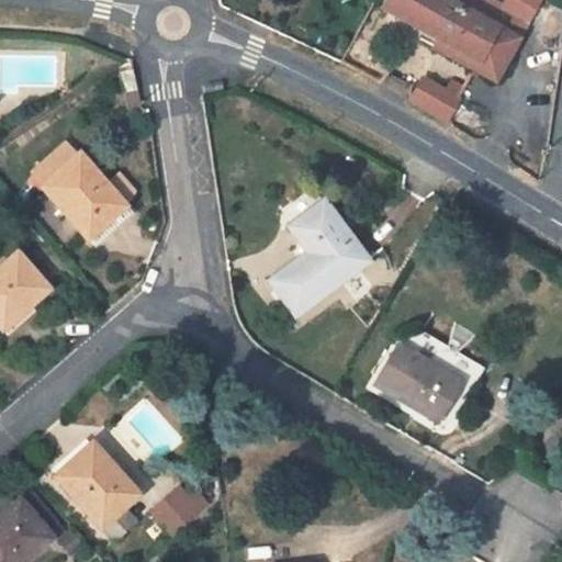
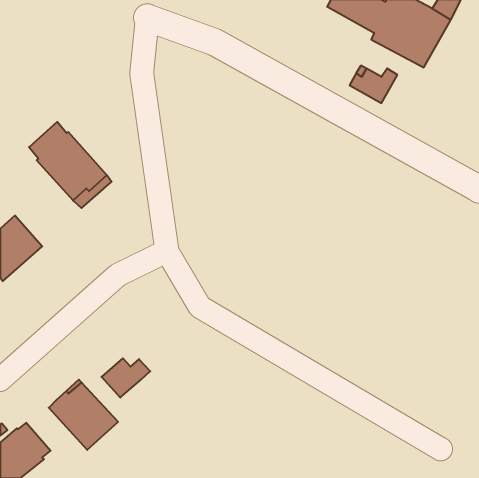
building: [270,201,370,315] -> none
building: [375,333,486,424] -> none
building: [151,490,209,536] -> [101,358,150,398]

